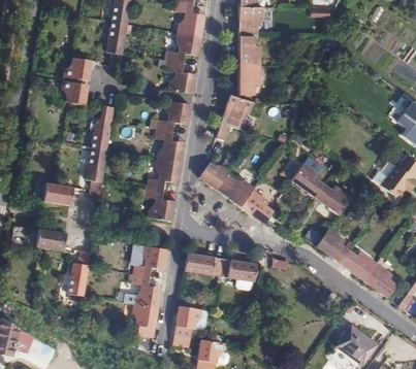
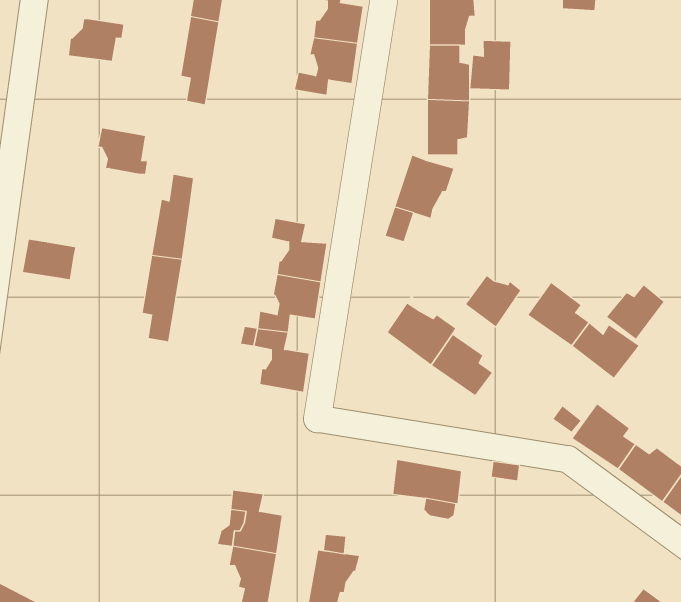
building: none -> [470,40,511,90]
building: [64,57,94,79] -> [68,19,124,61]
building: [165,59,194,93] -> none
building: [156,99,190,131] -> none
building: [199,161,229,189] -> [465,275,521,327]
building: none -> [606,285,665,339]
building: [43,182,72,204] -> [22,239,76,280]
building: [36,228,65,249] -> none
building: [133,244,166,275] -> none
building: [66,249,90,295] -> none
building: [184,251,221,275] -> none

